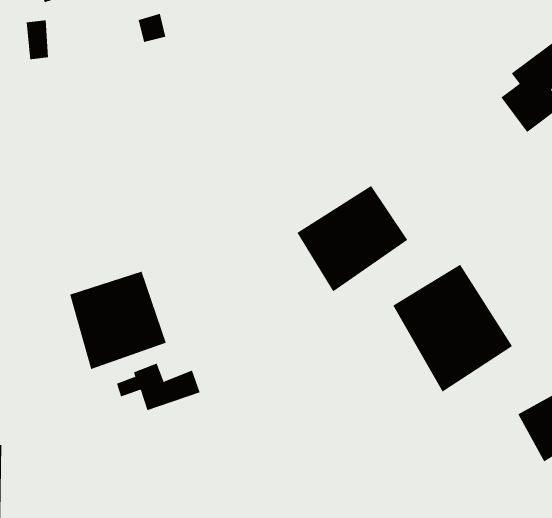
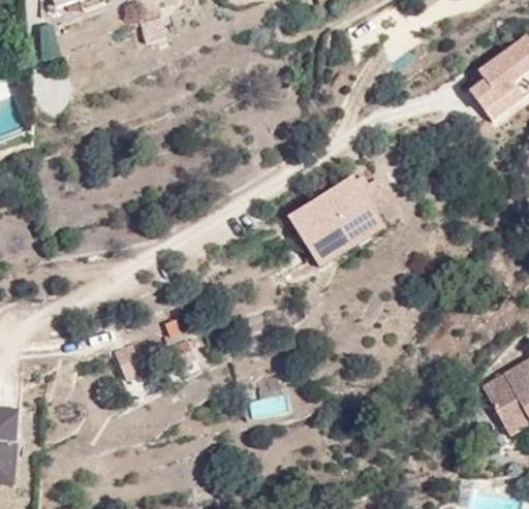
building: [392,264,513,393] -> none
building: [70,271,166,370] -> none

